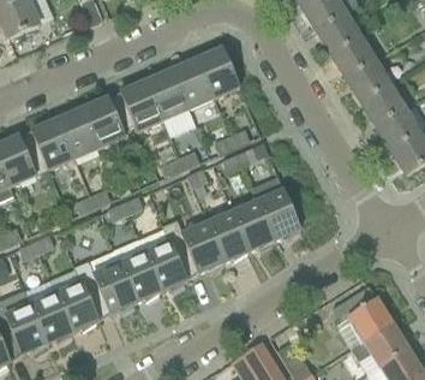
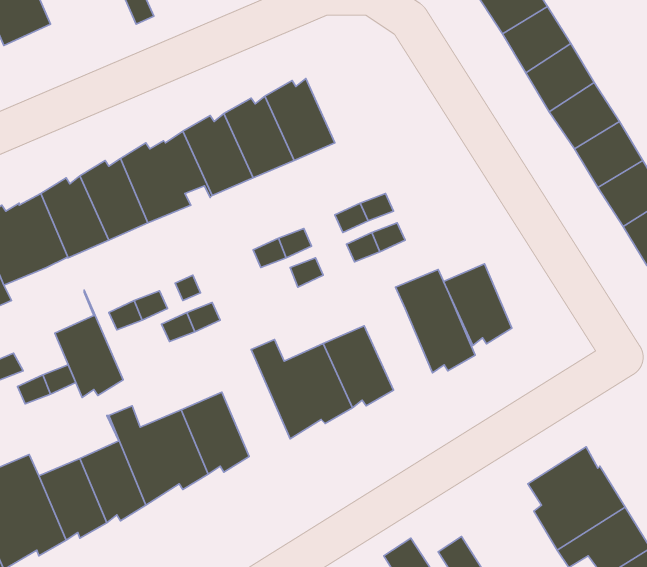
building: [196,47,239,97] -> none
building: [232,200,274,250] -> [444,264,512,346]
building: [144,225,186,291] -> [55,290,123,397]

